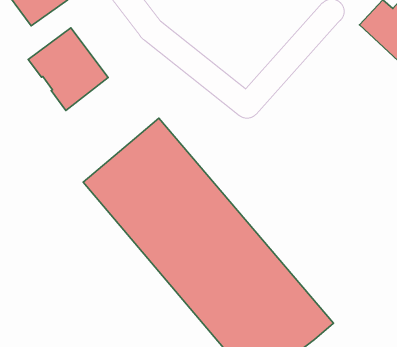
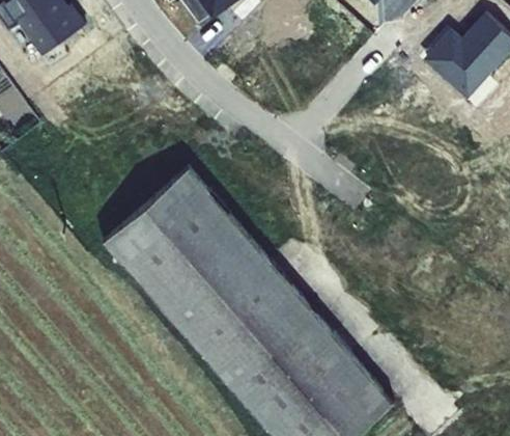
building: [28,28,108,110] -> none

